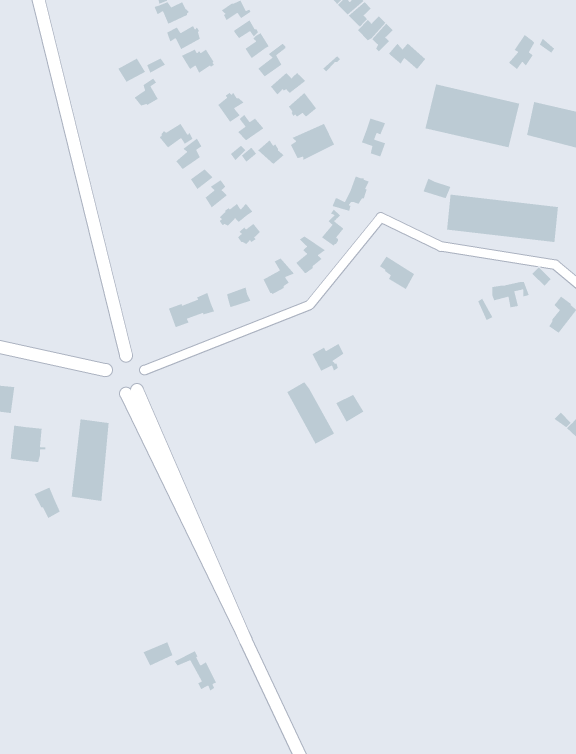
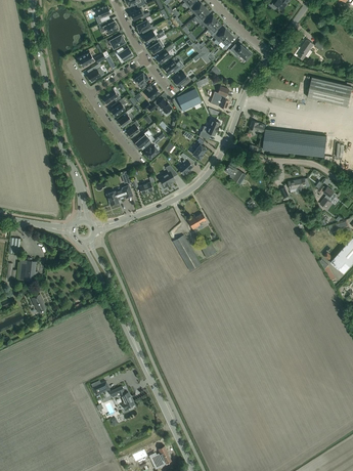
building: [425,84,520,148] -> none
building: [71,418,109,502] -> none

